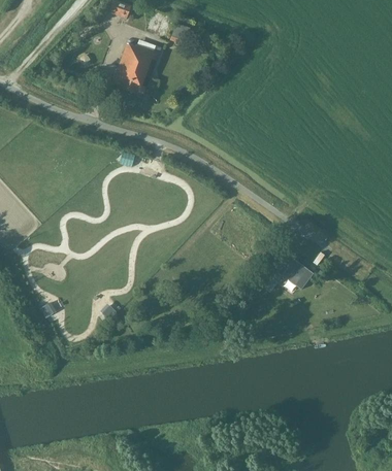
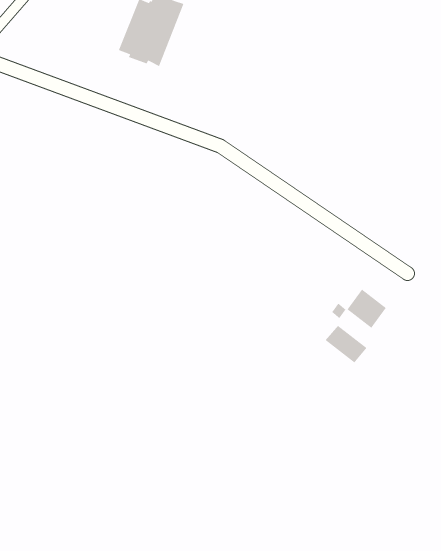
building: none -> [325,325,368,363]

